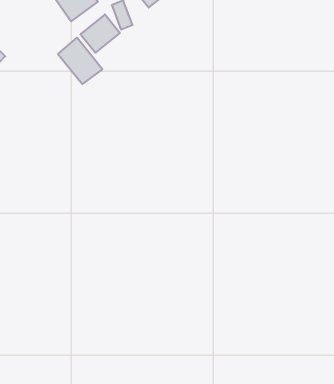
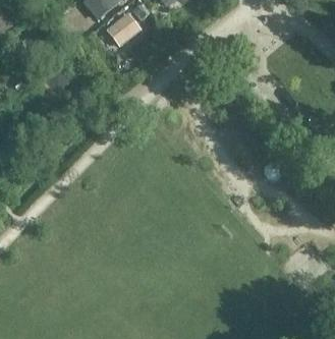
building: [58,38,102,84] -> none

